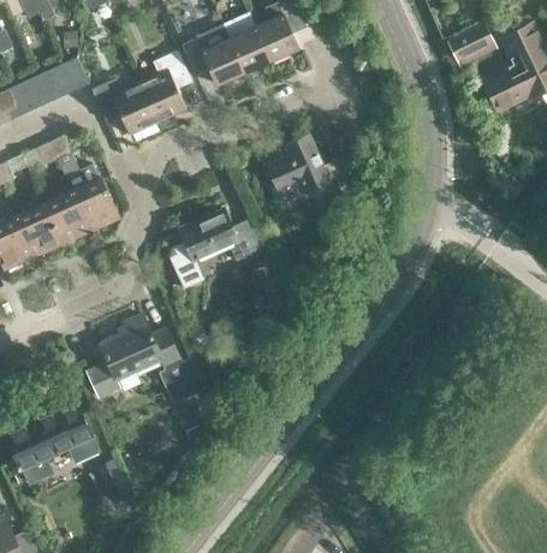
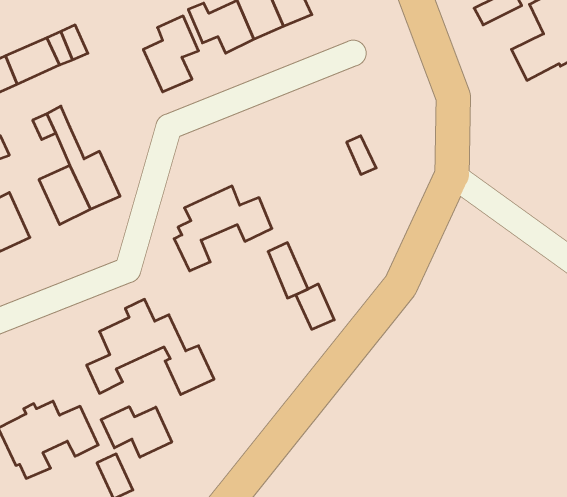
building: [91,79,157,135] -> none
building: [267,137,327,191] -> none
building: [14,203,61,257] -> none
building: none -> [296,284,334,329]
building: none -> [101,407,172,457]

